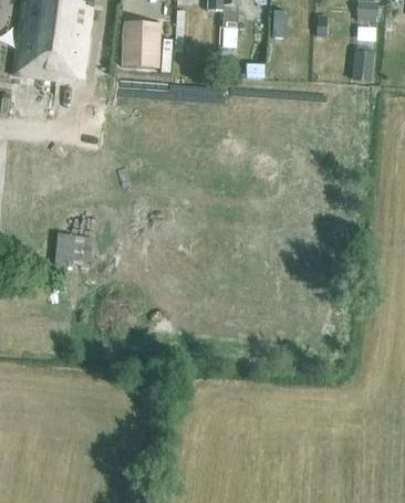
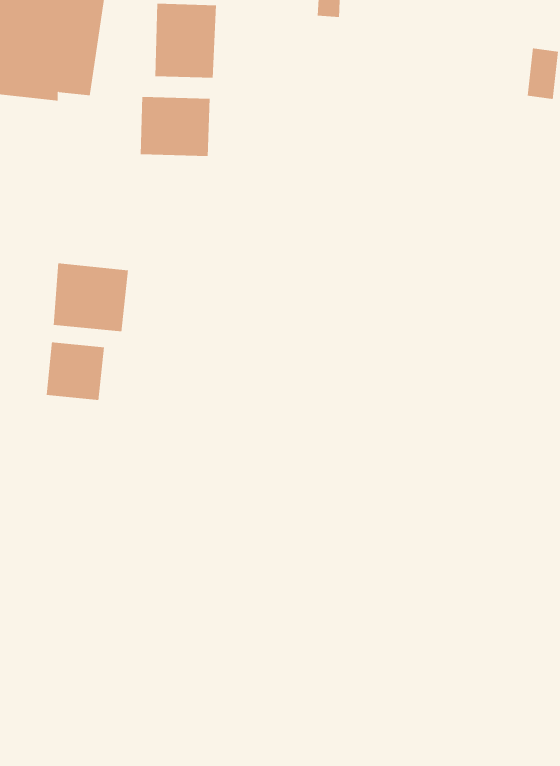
building: none -> [140,96,210,157]
building: none -> [53,263,128,332]

